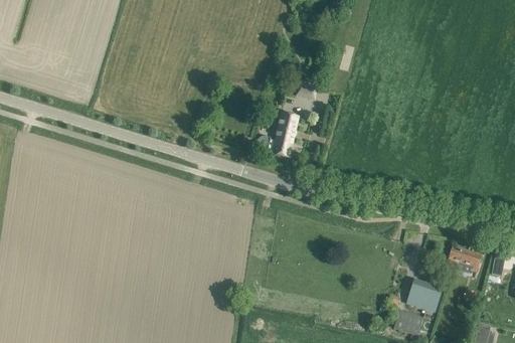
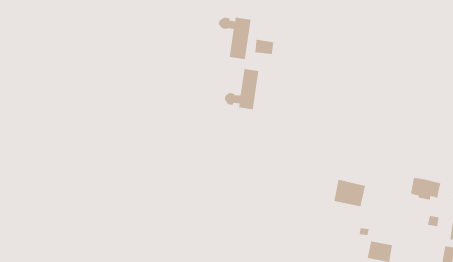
building: none -> [218,17,251,60]
building: [405,279,442,311] -> [333,179,366,207]

